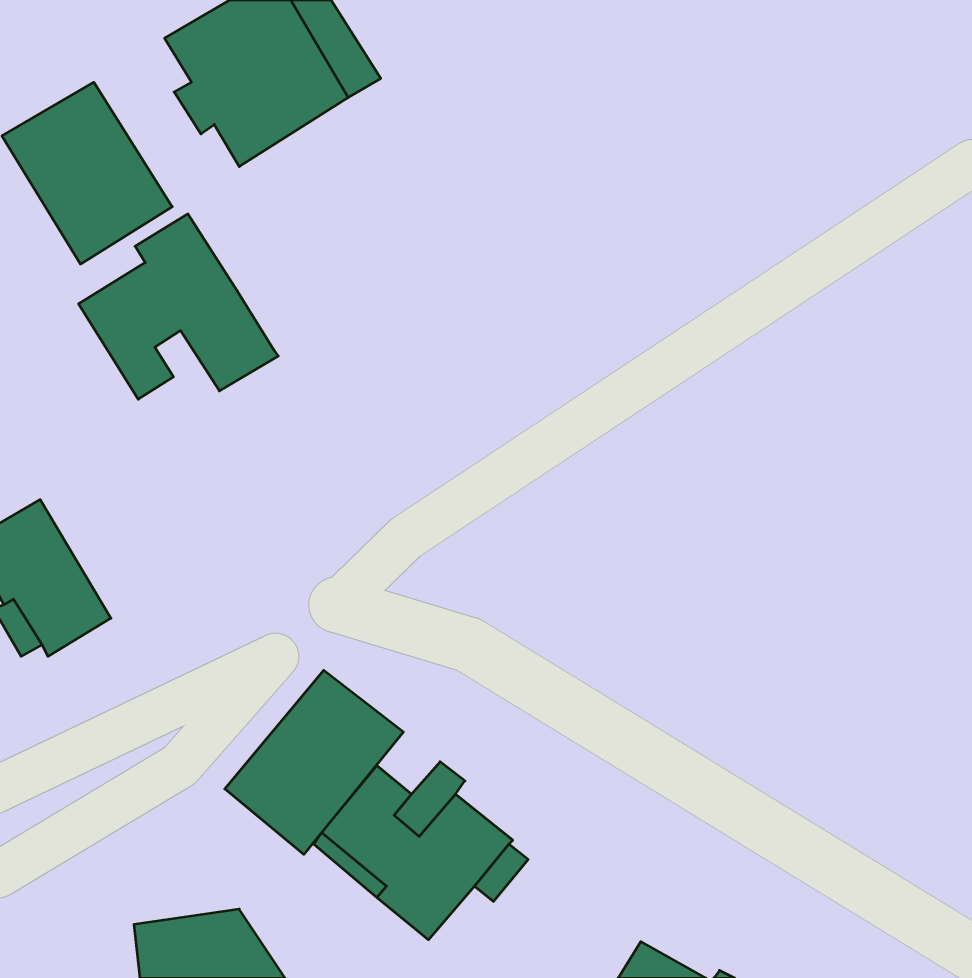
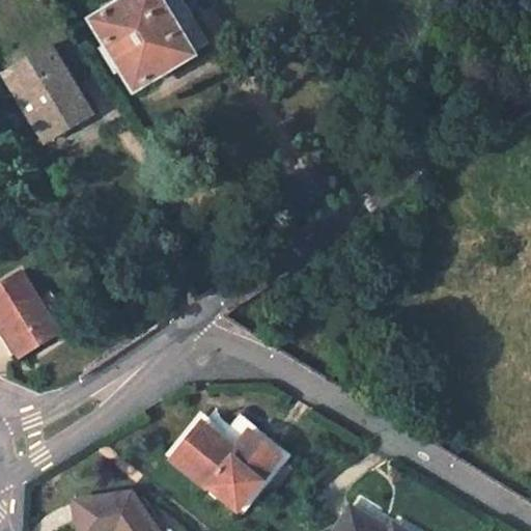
building: [79,214,278,399] -> none
building: [225,670,403,854] -> none

